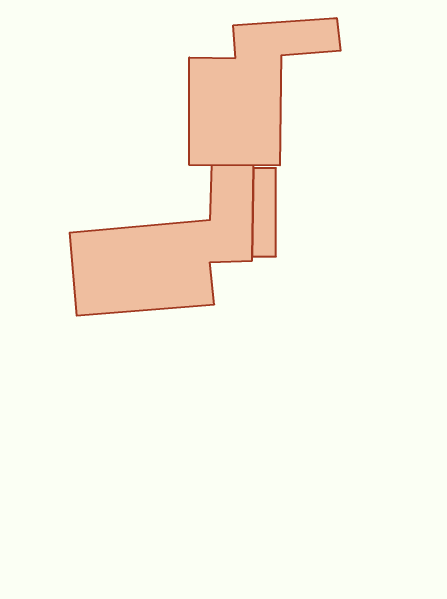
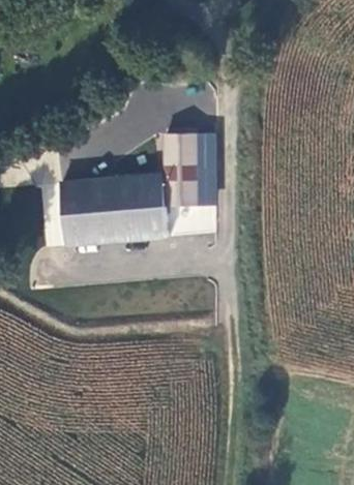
building: [189,18,341,165] -> none

